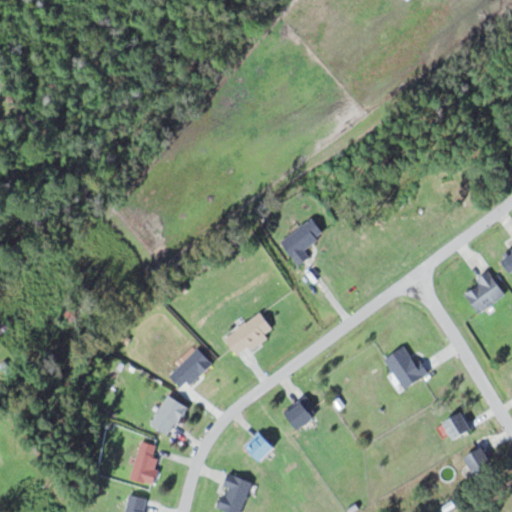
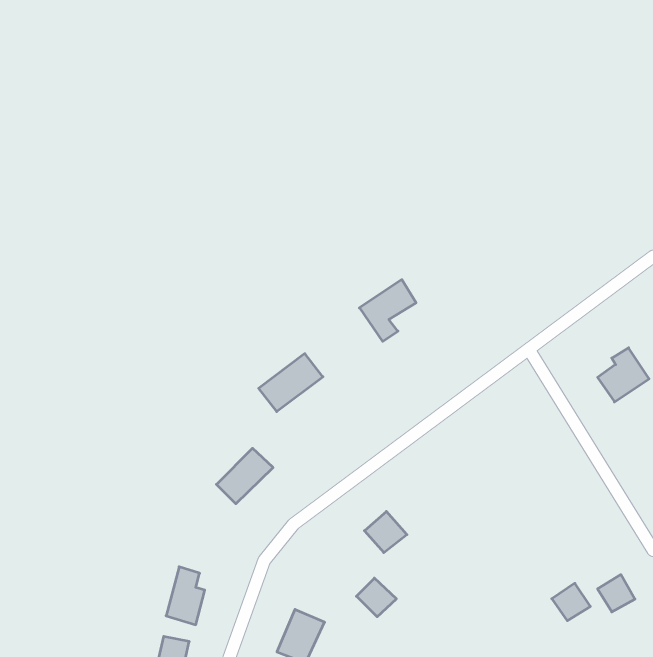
building: [223,312,273,357] -> [259,354,323,412]
building: [383,345,425,390] -> none
building: [148,395,187,437] -> none
building: [442,412,472,441] -> [552,583,590,621]
building: [244,432,275,462] -> [356,578,396,617]

